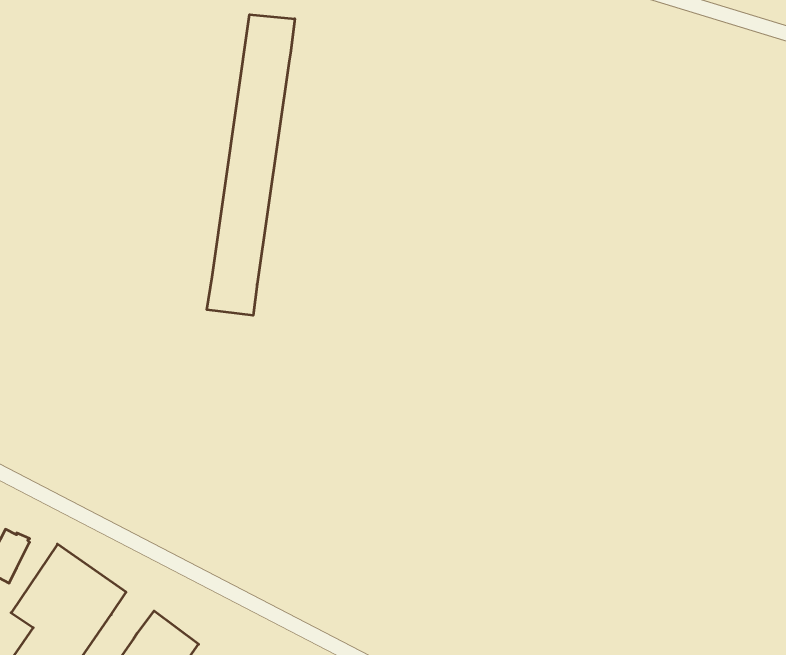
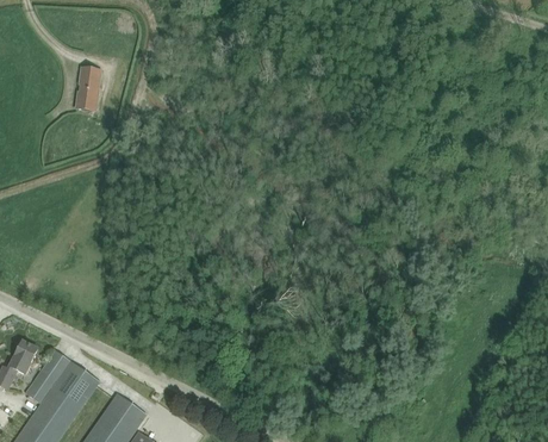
building: [207,15,295,315] -> none
building: none -> [75,68,100,112]

